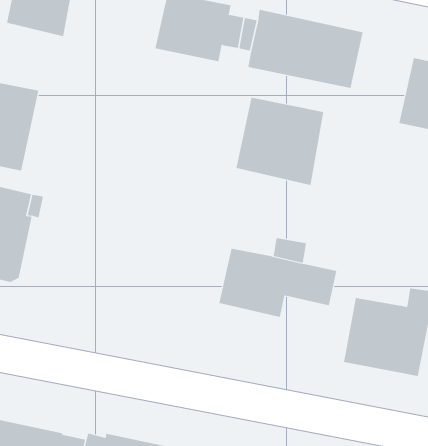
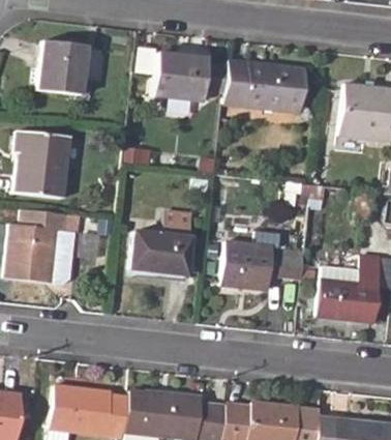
building: [236,97,324,186] -> none
building: none -> [129,210,192,274]

